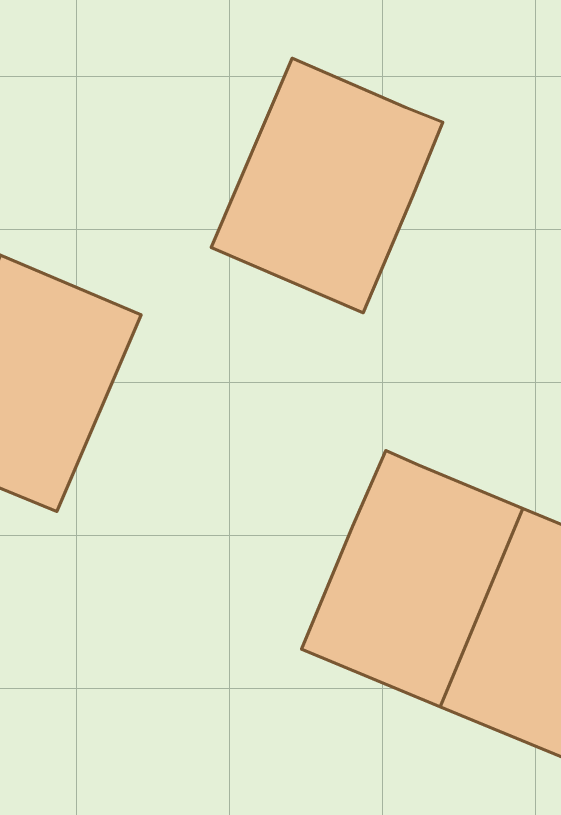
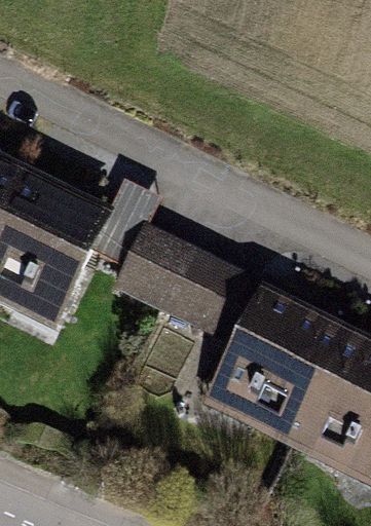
building: [211,58,443,313] -> none
building: none -> [118,226,283,335]

